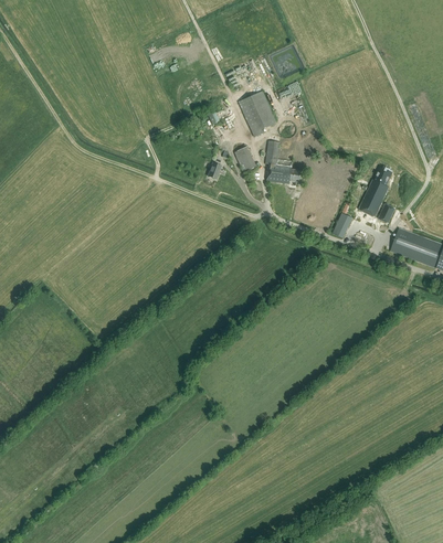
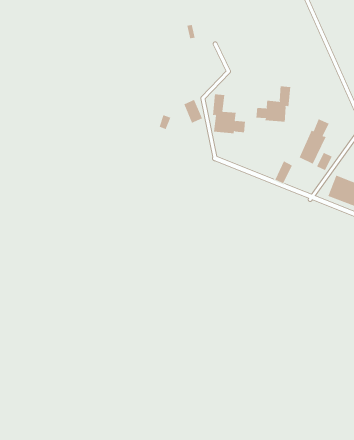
building: [240,90,277,137] -> none
building: none -> [256,85,291,122]

